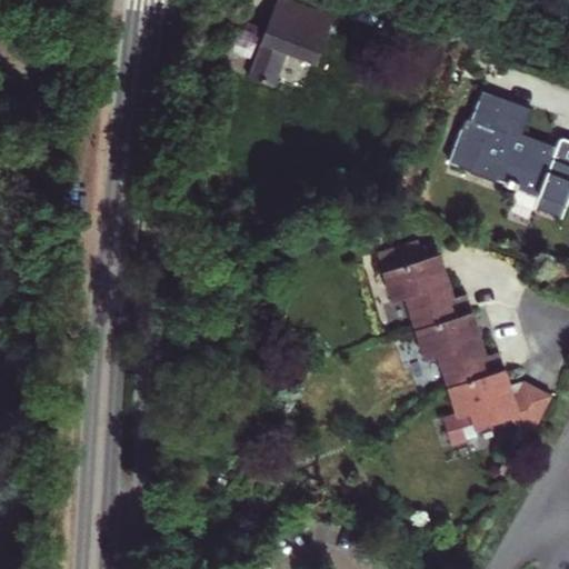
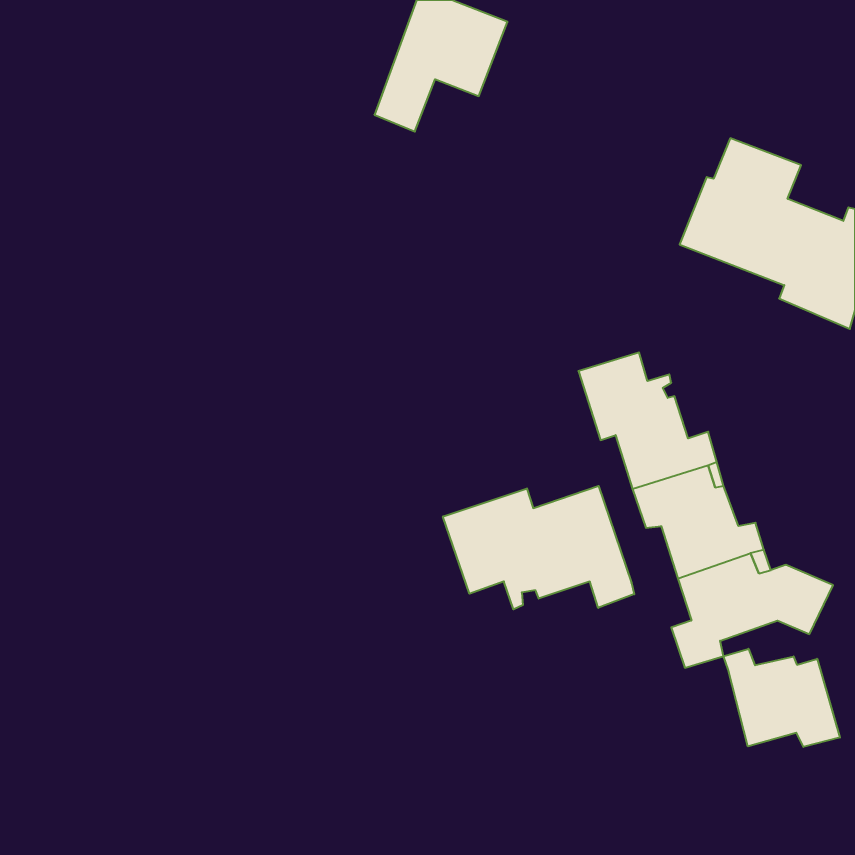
building: none -> [443,486,634,609]
building: none -> [723,649,840,747]

